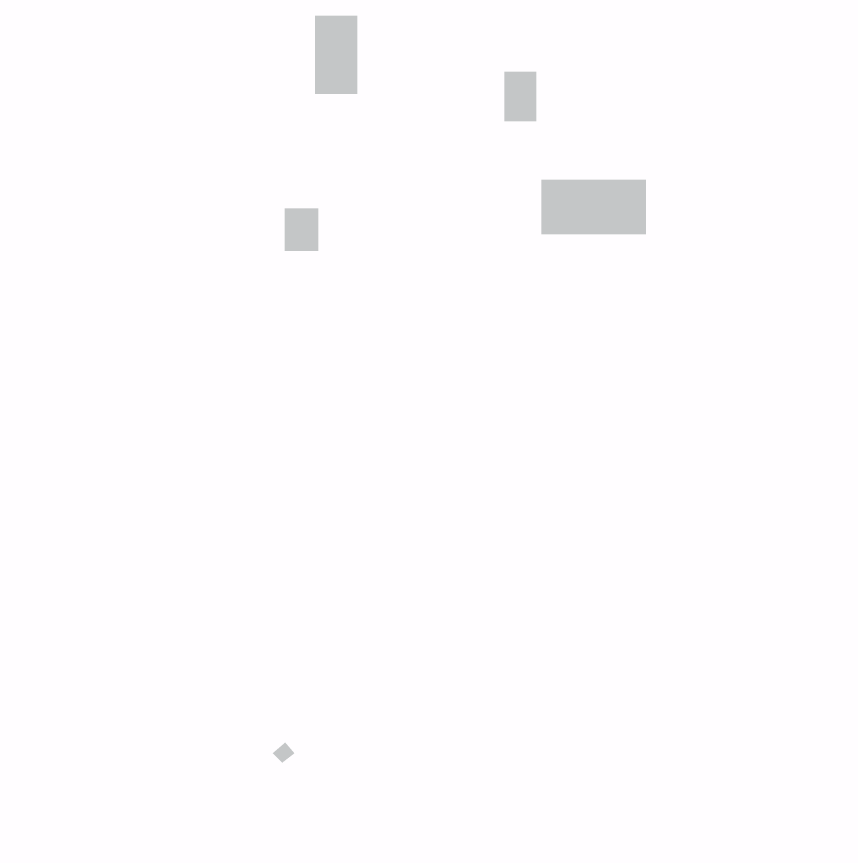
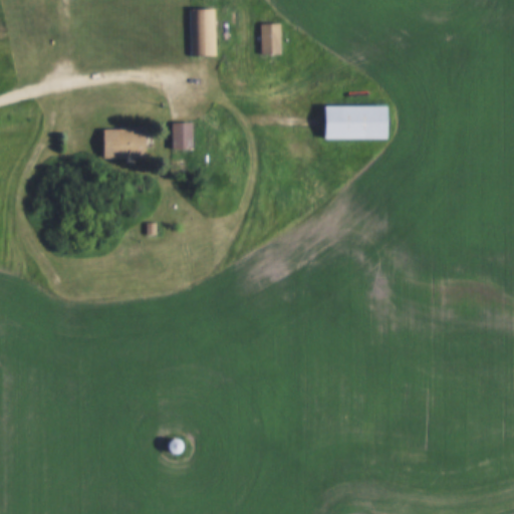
building: [503,71,537,122] -> [261,24,281,54]
building: none -> [103,130,147,159]

